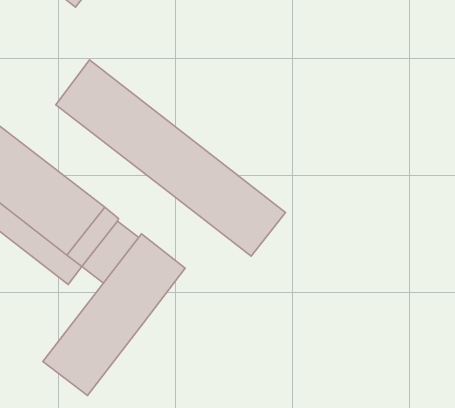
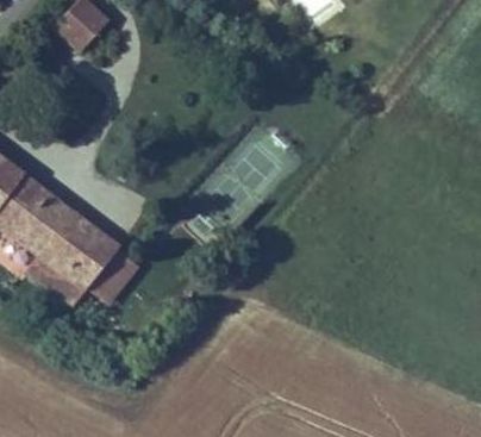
building: [56,60,286,256] -> none
building: [43,234,185,396] -> none

